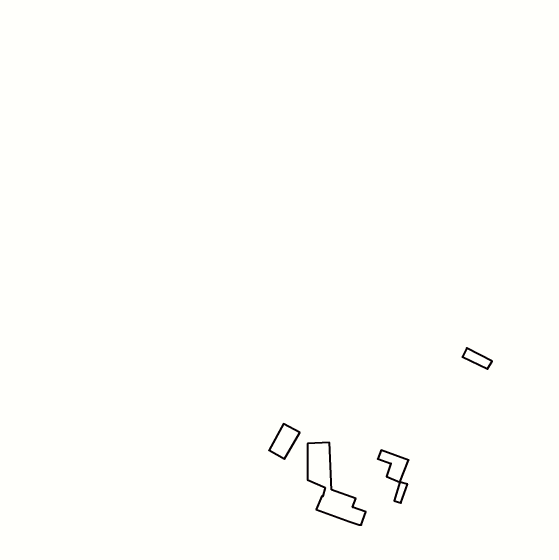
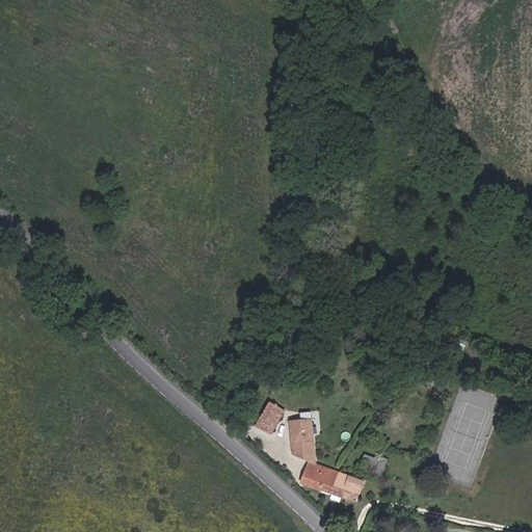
building: [378,450,409,482] -> [334,472,363,502]

